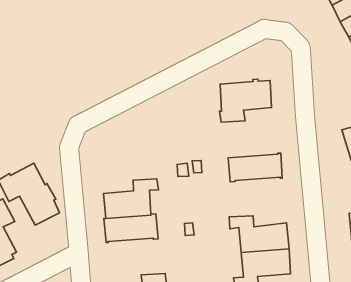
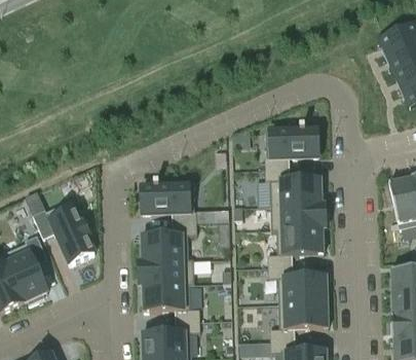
building: none -> [257,168,322,205]
building: none -> [142,183,196,222]
building: none -> [267,227,324,265]
building: none -> [143,283,199,320]

